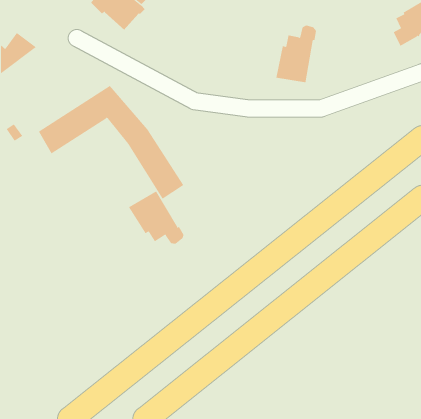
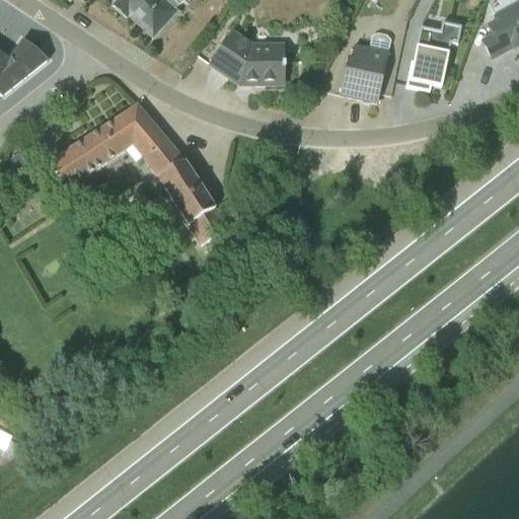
building: none -> [406,21,461,90]
building: none -> [208,28,285,85]
building: [128,190,184,244] -> none

